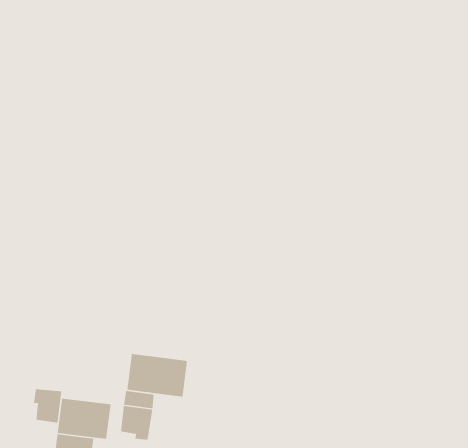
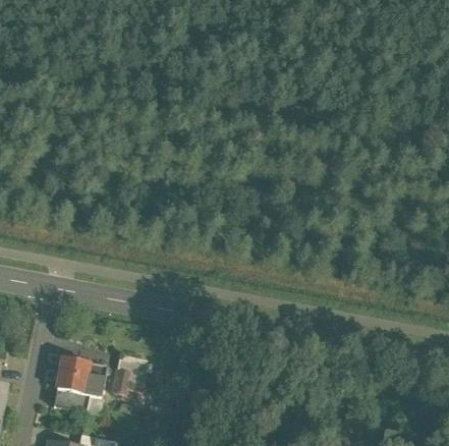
building: [127,353,188,398] -> none
building: [33,389,62,423] -> none

